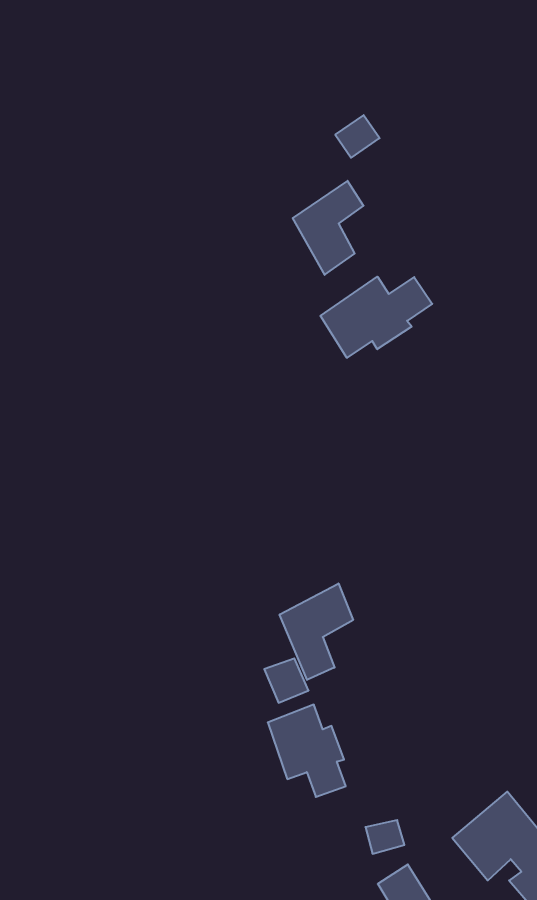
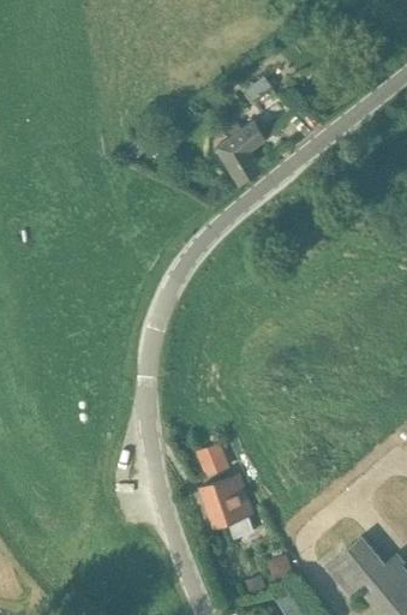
building: [320,277,432,358] -> none
building: [280,583,353,680] -> none

